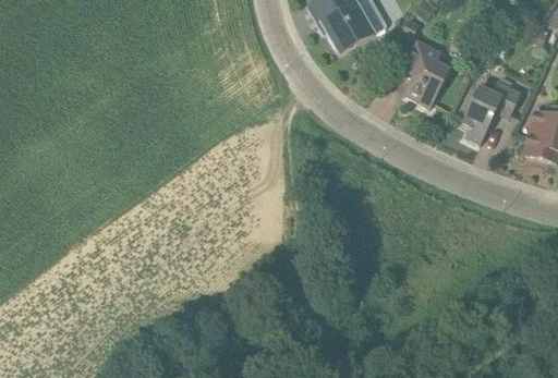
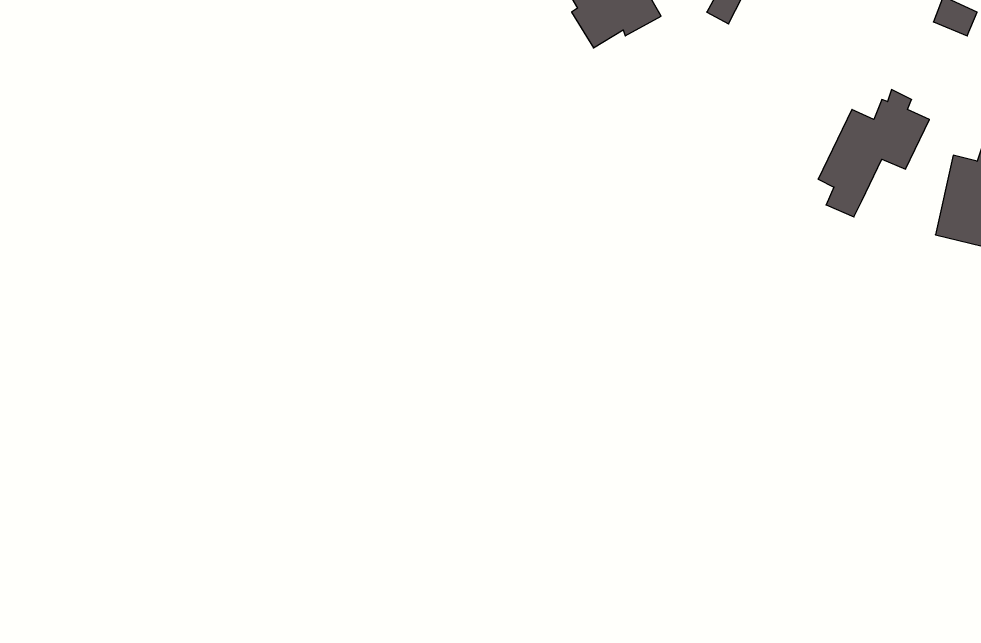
building: [399,37,451,107] -> none

